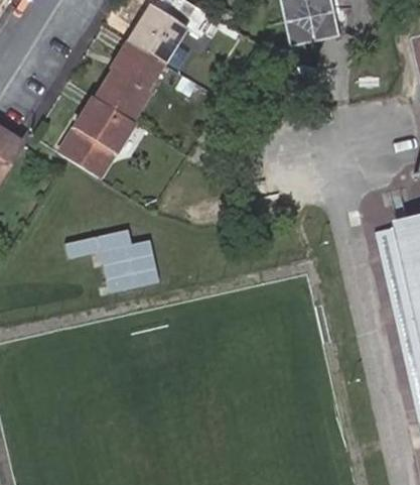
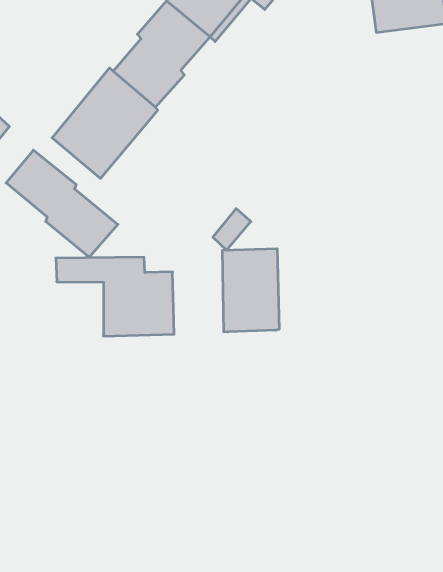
building: none -> [6,150,118,257]
building: none -> [223,249,279,332]

